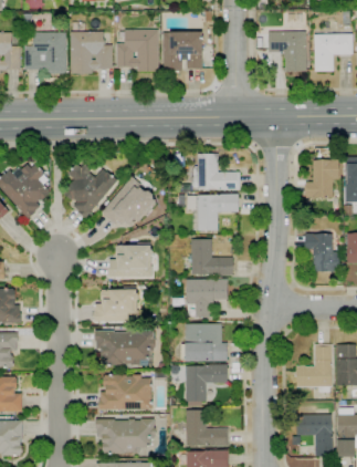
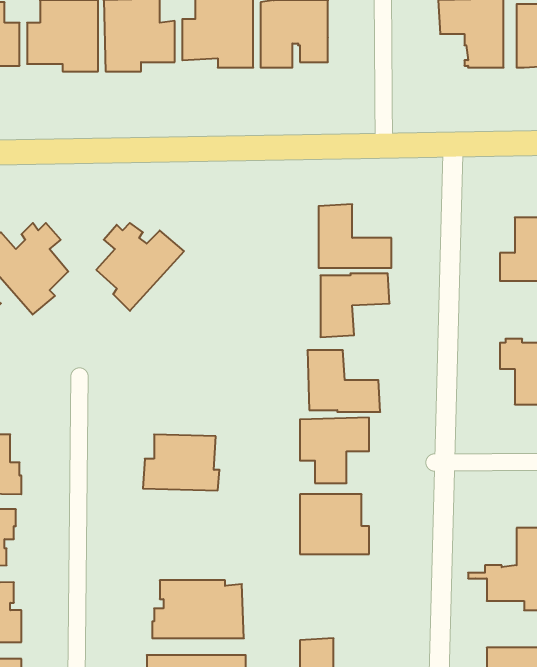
building: [101,176,156,234] -> none
building: [108,245,151,277] -> none
building: [95,330,155,365] -> none
building: [186,364,227,401] -> none

